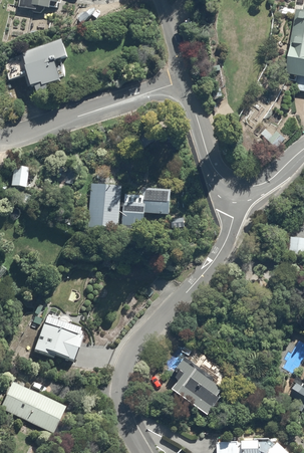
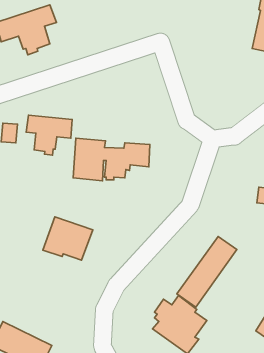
building: none -> [26,115,72,155]
building: none -> [177,236,237,307]
building: [31,314,85,362] -> [43,217,93,260]

